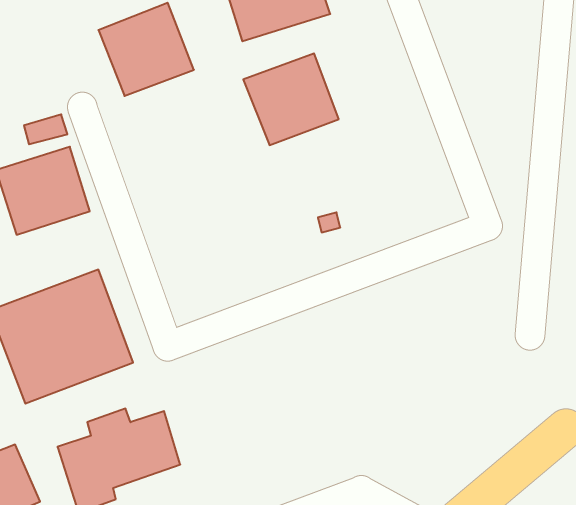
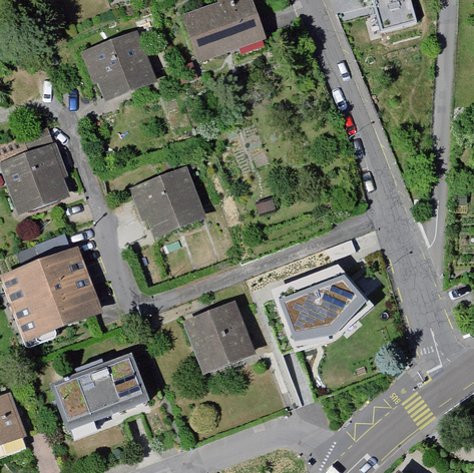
building: [243,53,339,145] -> [127,166,204,241]
building: none -> [278,263,380,352]
building: none -> [180,303,255,373]

